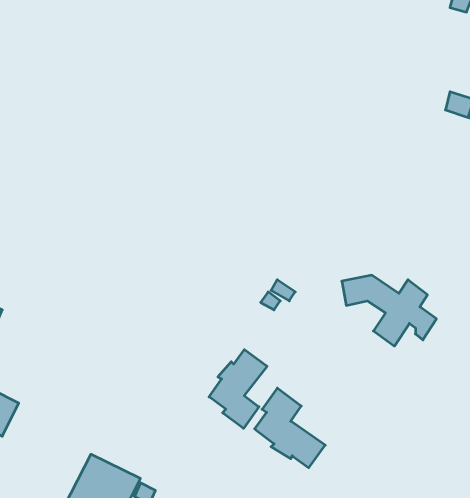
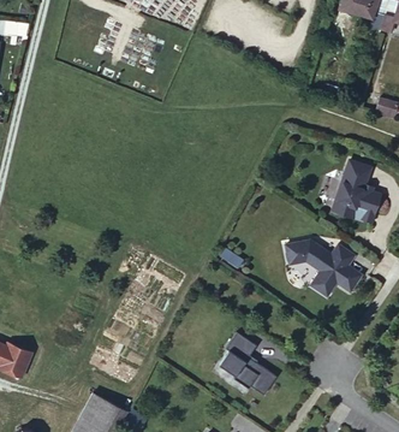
building: none -> [332,160,380,223]
building: [209,350,267,428] -> none

